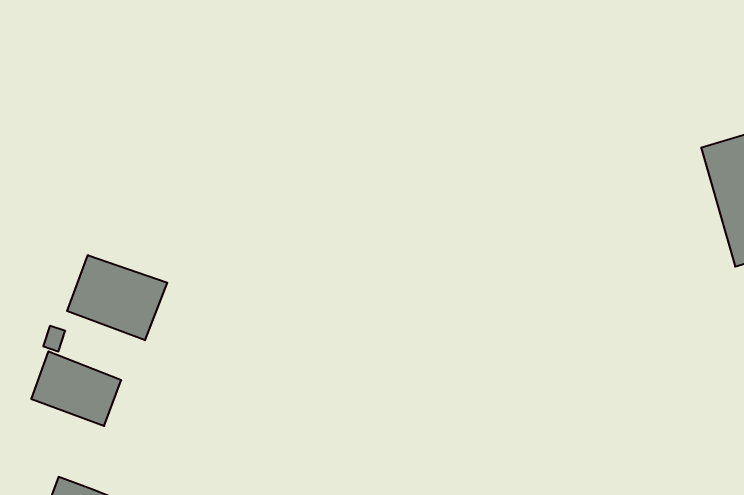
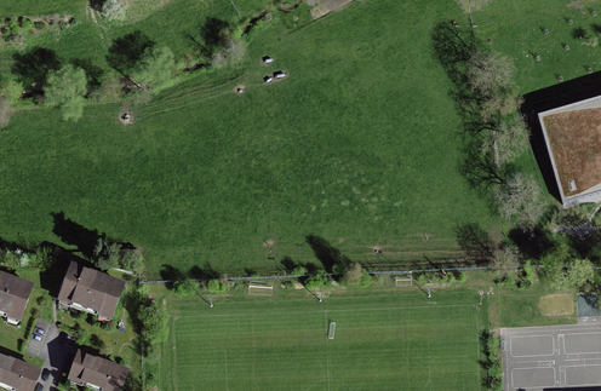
building: [67,255,167,340] -> none

